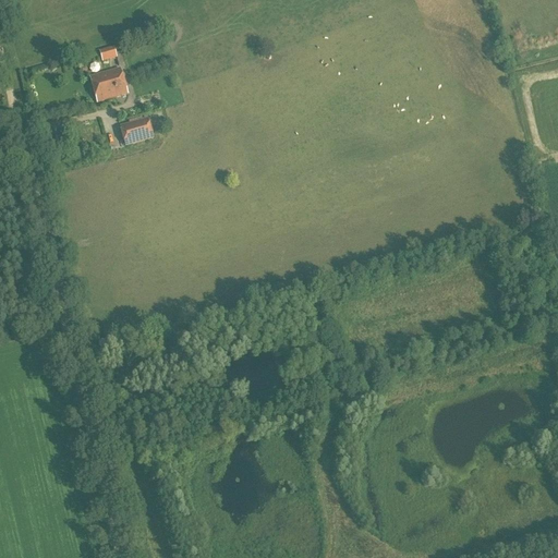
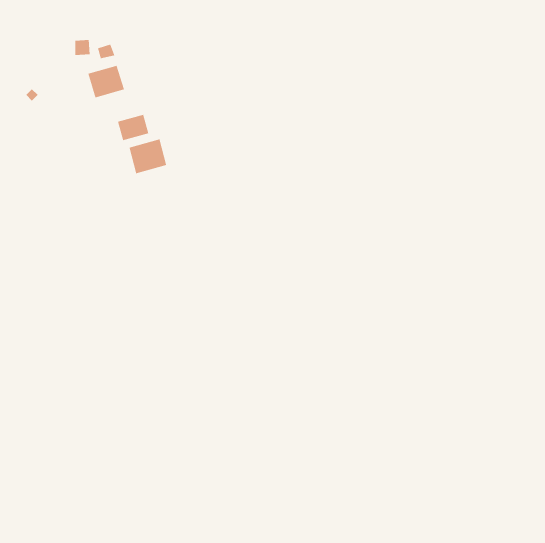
building: none -> [129,139,167,174]

